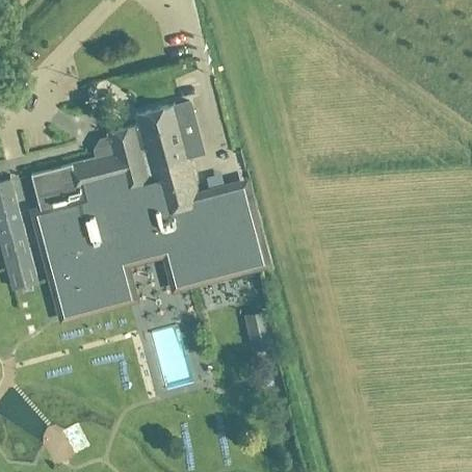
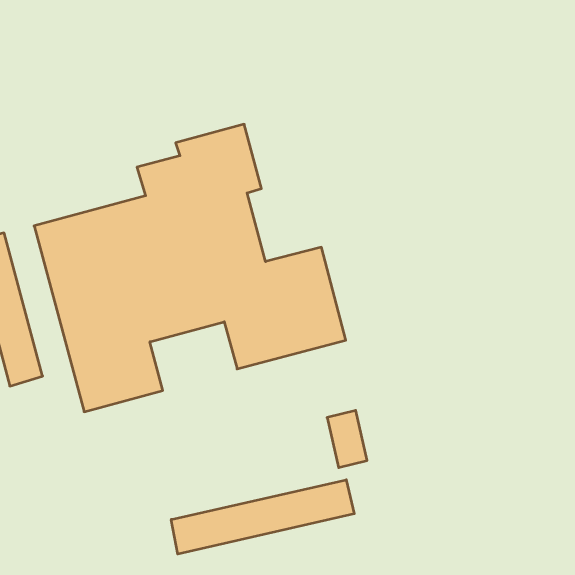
building: none -> [171,480,354,554]

